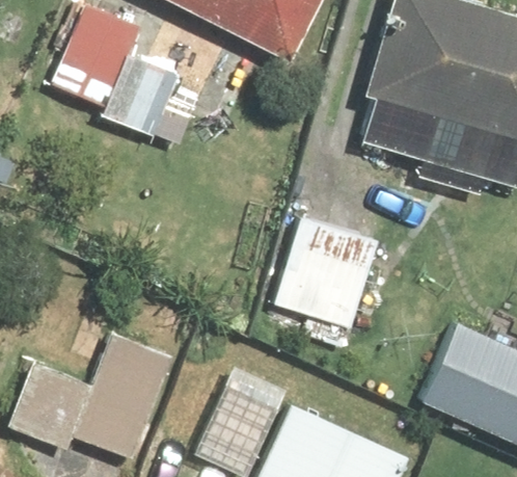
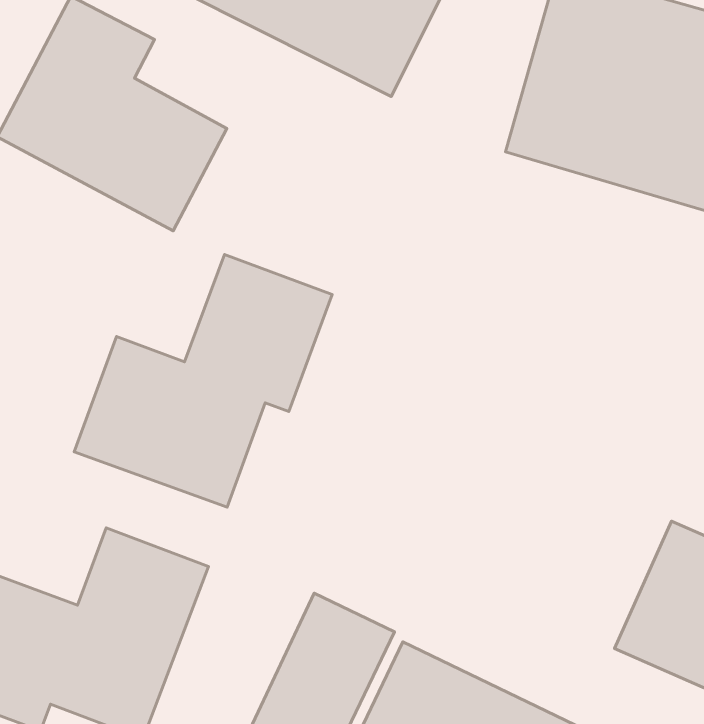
building: none -> [74,254,332,507]
building: [270,213,381,350] -> none

